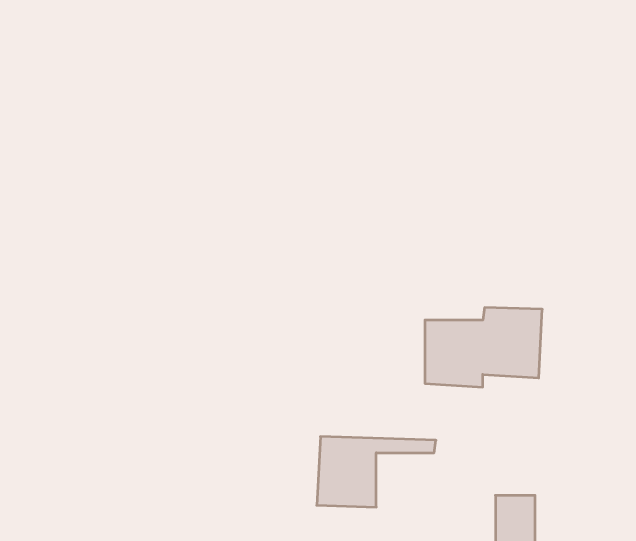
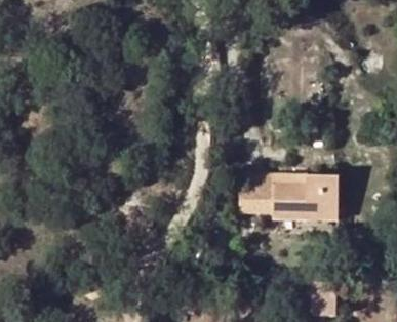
building: [317,437,436,507] -> [239,174,307,214]

